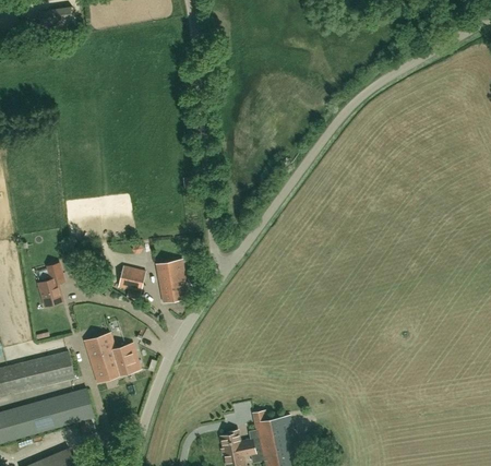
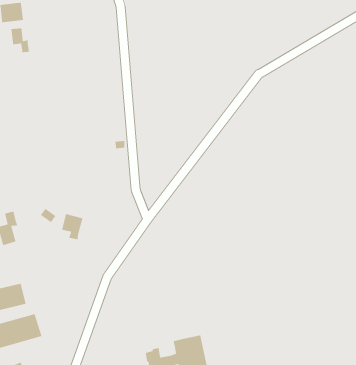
building: none -> [11,28,30,53]
building: [155,260,188,302] -> none
building: [85,333,140,382] -> none

